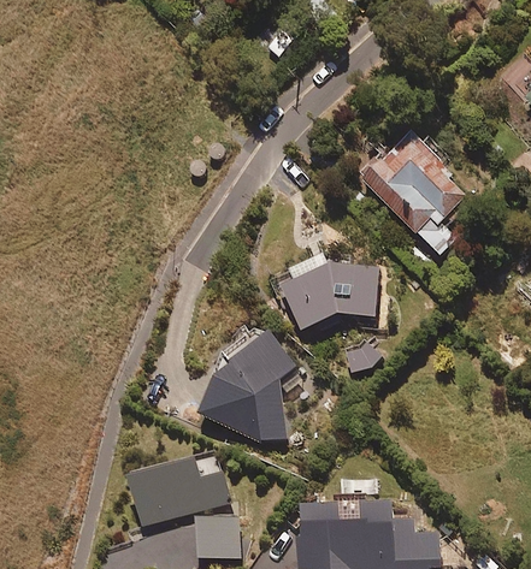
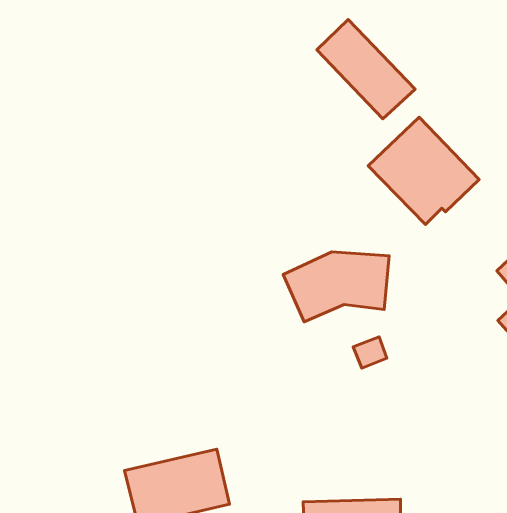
building: none -> [317,19,415,119]
building: [197,327,297,444] -> none

